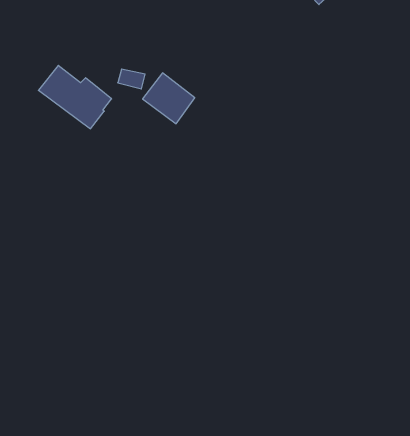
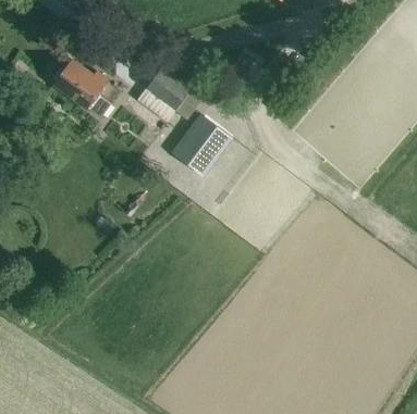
building: none -> [173,115,230,174]

